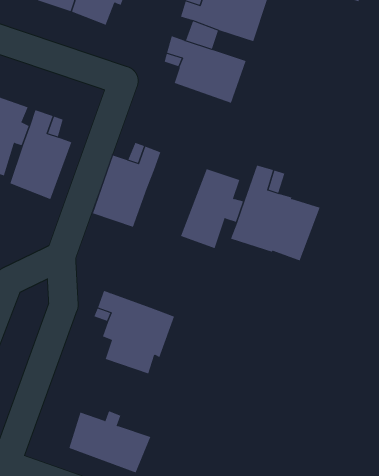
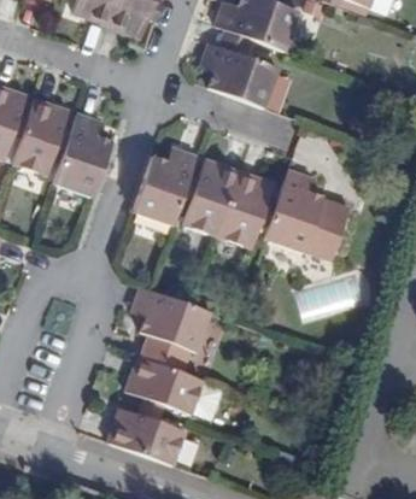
building: none -> [182,159,239,235]
building: none -> [125,352,223,417]

